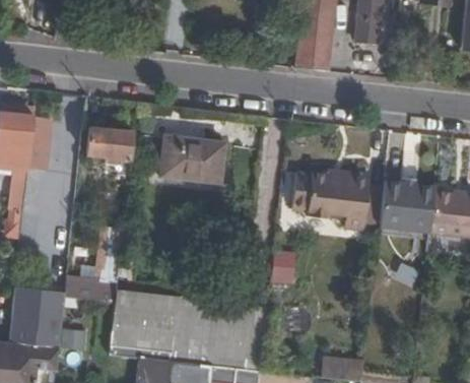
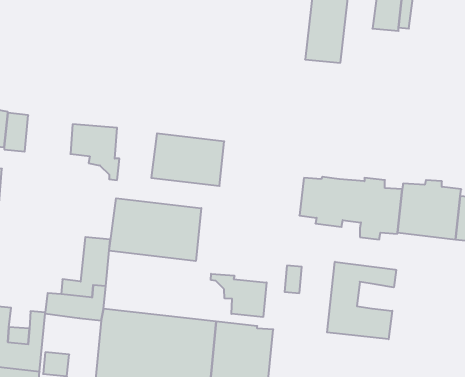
building: none -> [109,198,201,261]
building: none -> [327,262,396,339]
building: none -> [211,274,267,317]

